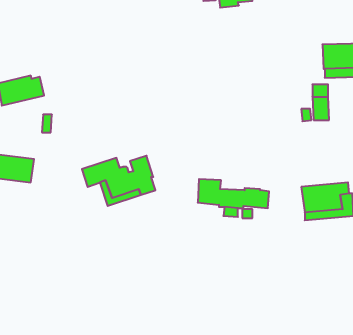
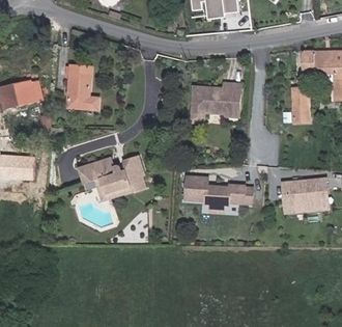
building: none -> [66,64,98,109]
building: none -> [191,82,239,116]

